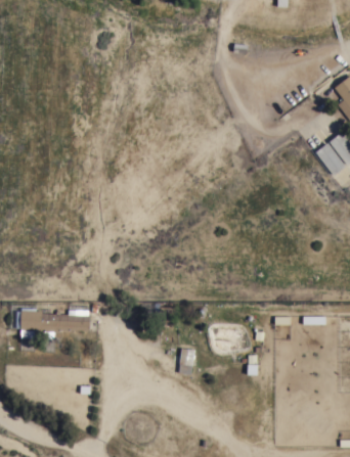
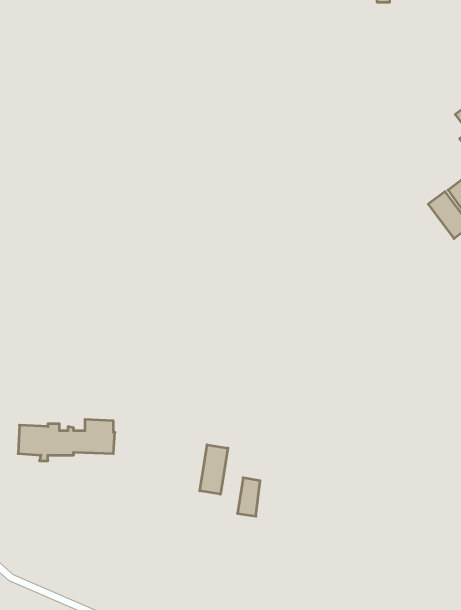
building: none -> [200,445,228,494]

